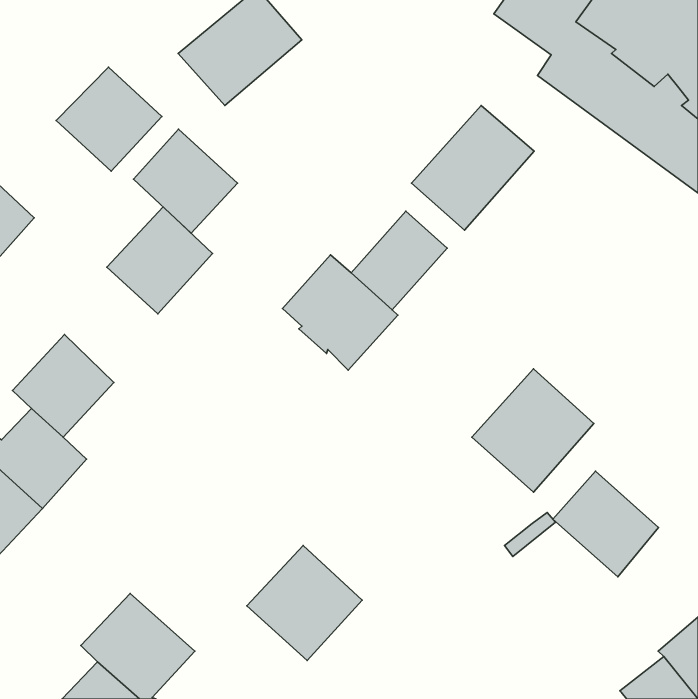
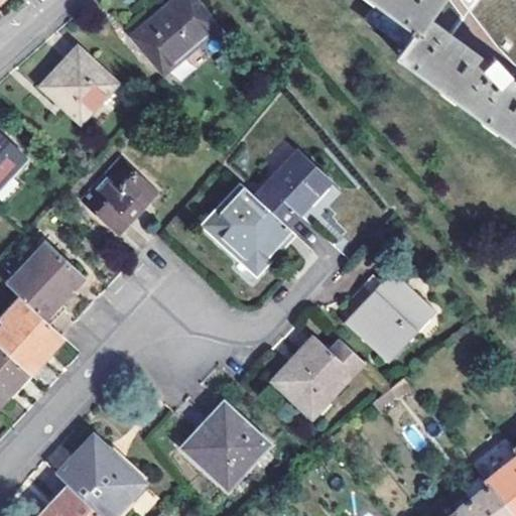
building: [412,105,534,230] -> none
building: [133,129,237,233] -> none
building: none -> [273,338,363,415]
building: [553,471,659,577] -> none

